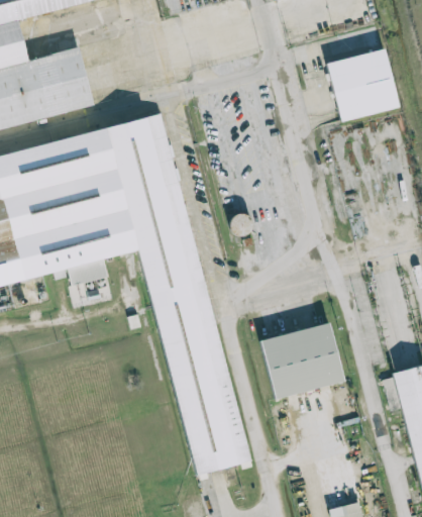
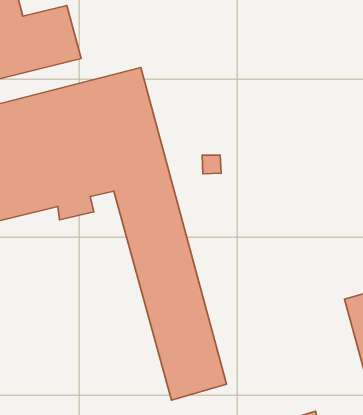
building: [325,46,397,119] -> none
building: [257,324,344,398] -> none

